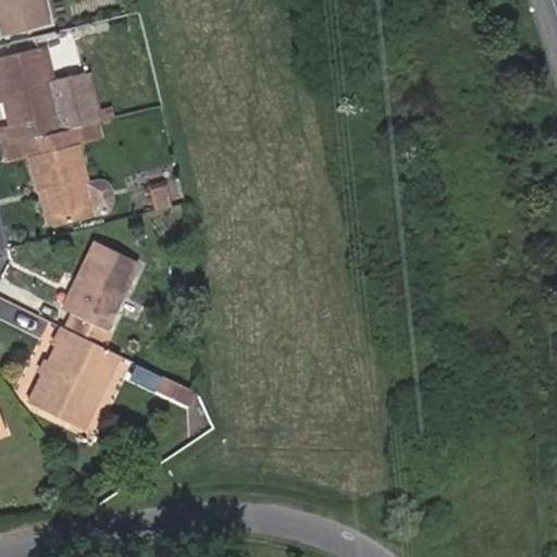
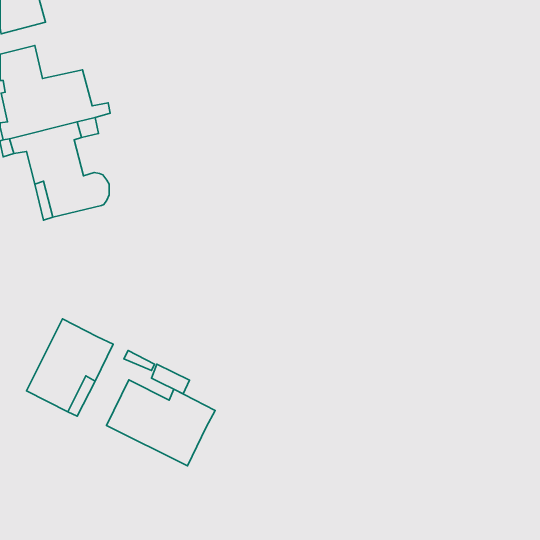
building: [63,240,138,346] -> none
building: none -> [107,380,215,466]

